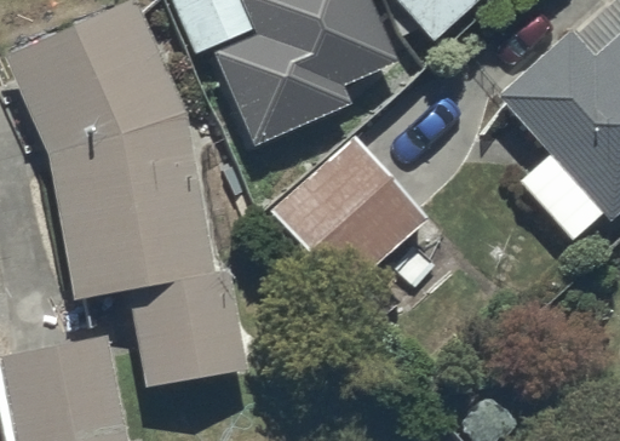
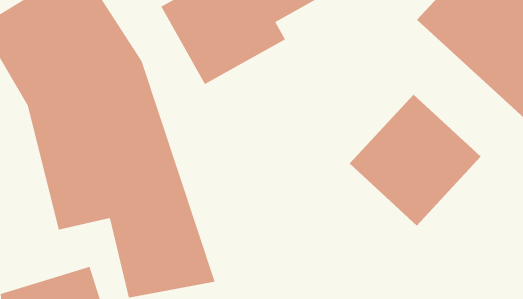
building: [271,139,420,287] -> [349,94,482,226]

